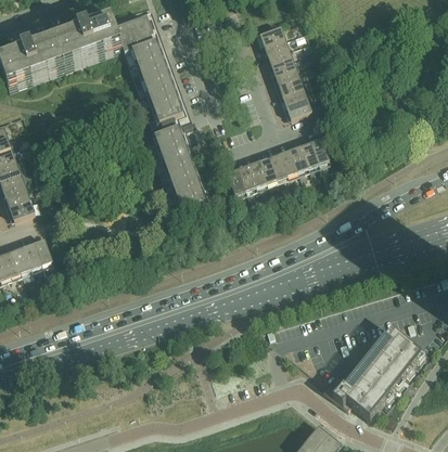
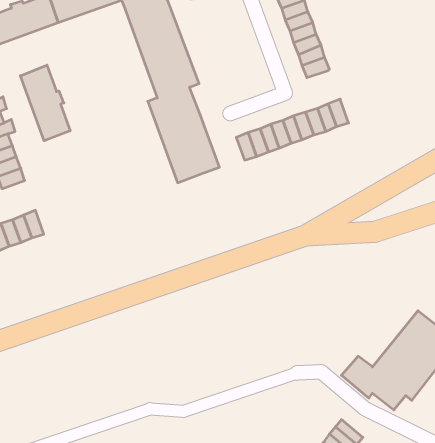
building: none -> [20,65,70,141]

